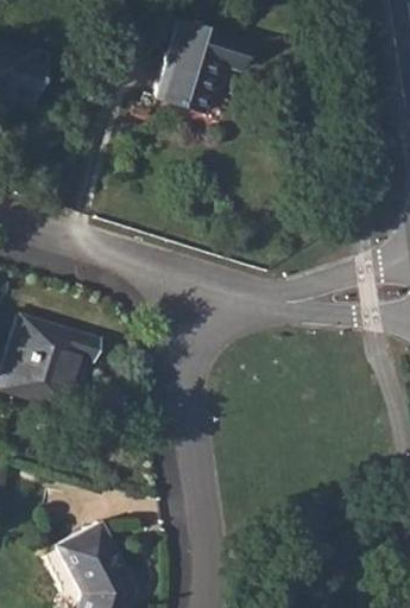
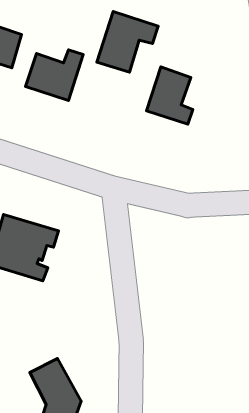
building: none -> [25,50,83,100]
building: none -> [146,67,193,124]

